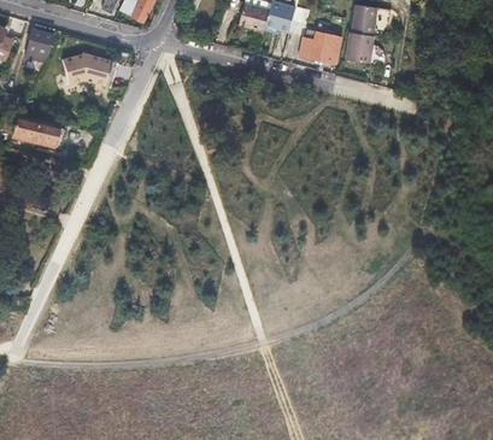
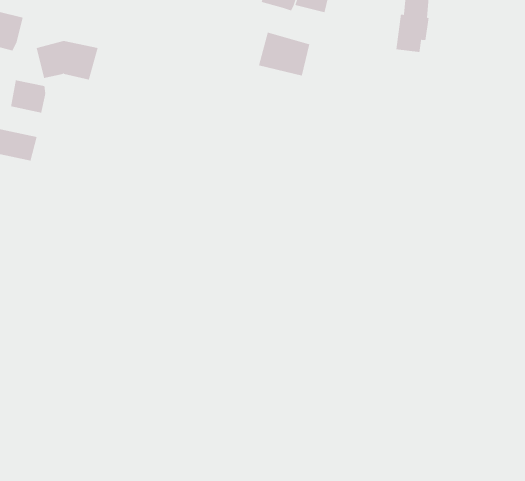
building: [300,29,341,64] -> [258,32,310,76]
building: none -> [11,79,46,114]

